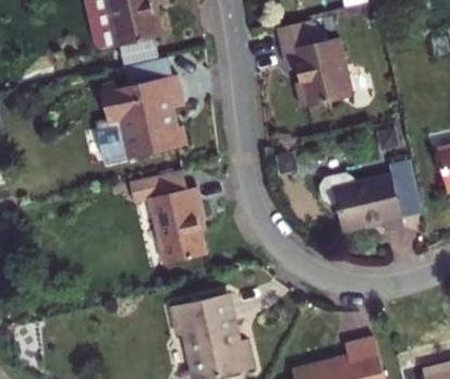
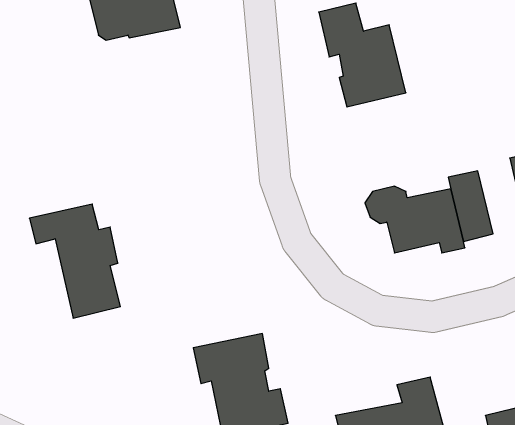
building: [98,59,183,164] -> none
building: [127,171,205,268] -> [29,204,120,318]

